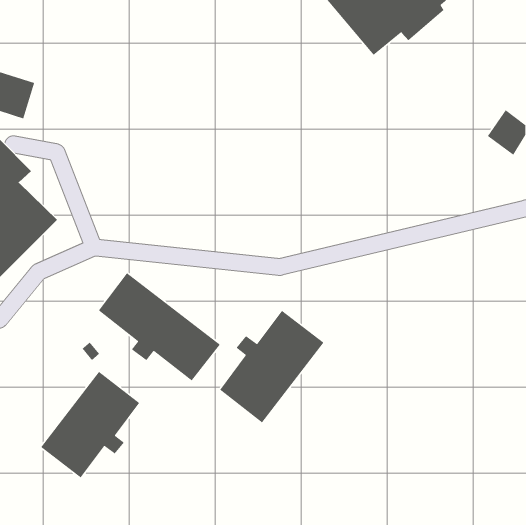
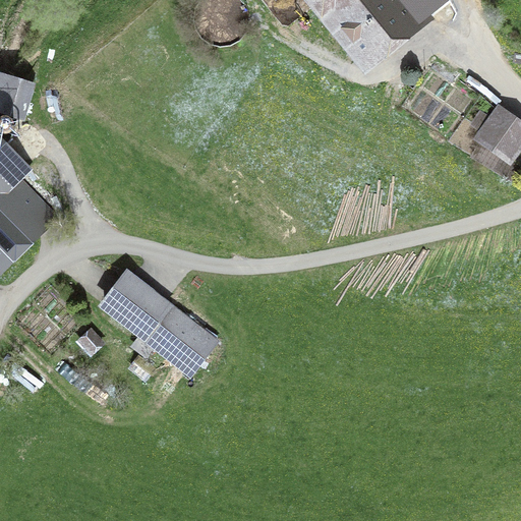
building: [219,310,325,423] -> none
building: [40,371,140,478] -> none

